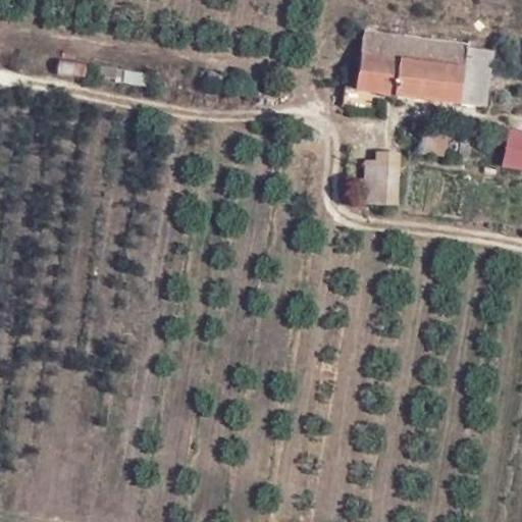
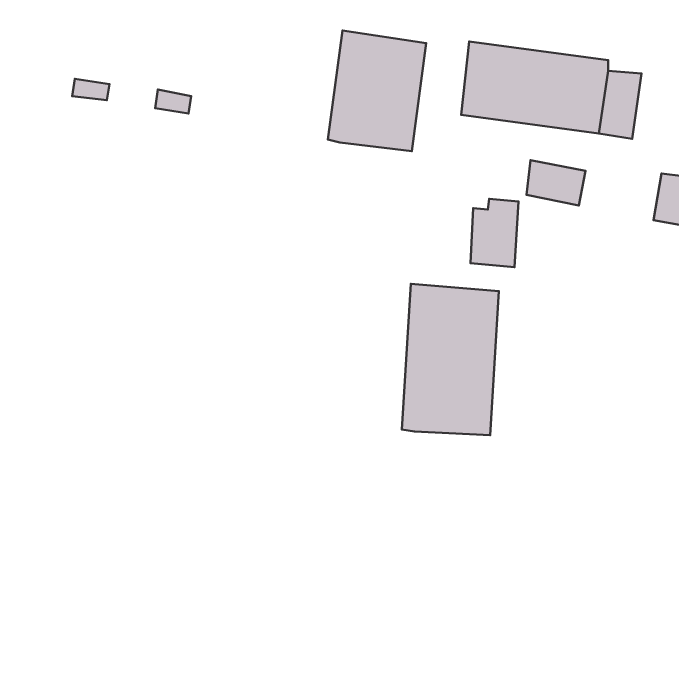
building: none -> [328,30,426,151]
building: none -> [402,284,499,435]

